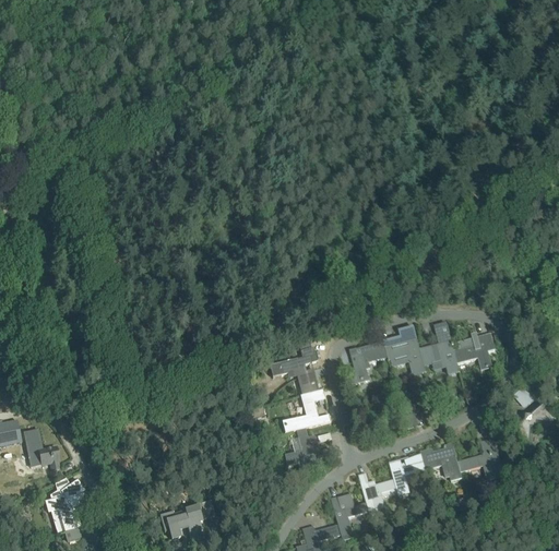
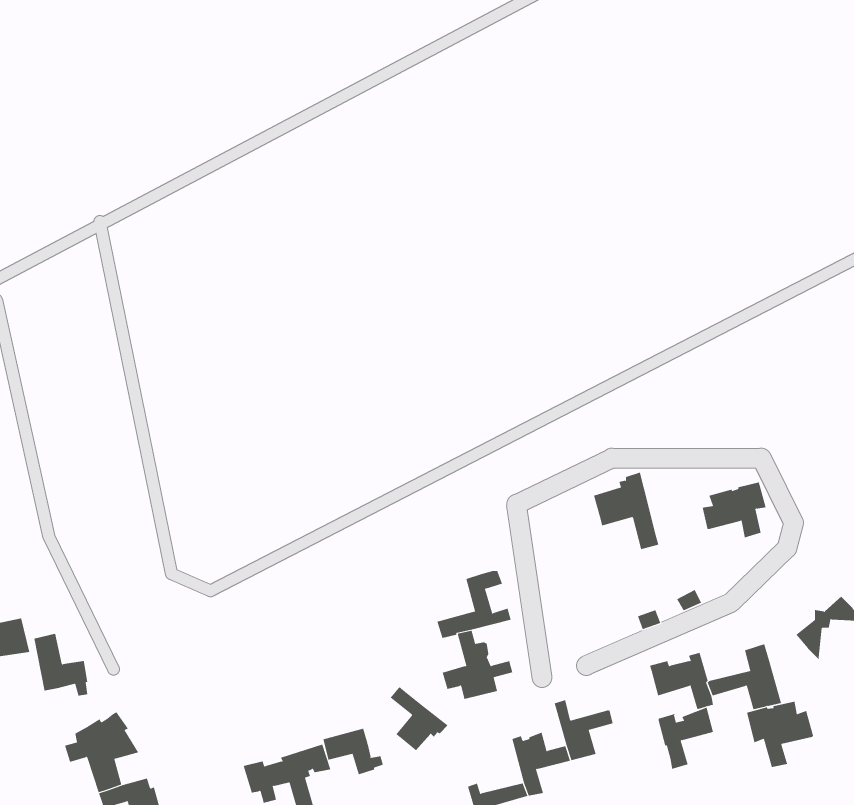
building: [418,323,457,374] -> none
building: [345,342,386,386] -> none
building: [270,347,318,395] -> none
building: [388,454,424,494] -> [658,707,714,770]
building: none -> [390,686,448,751]
building: none -> [747,701,814,768]
building: none -> [323,728,384,775]

